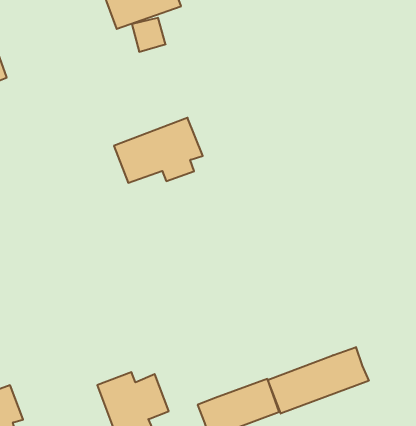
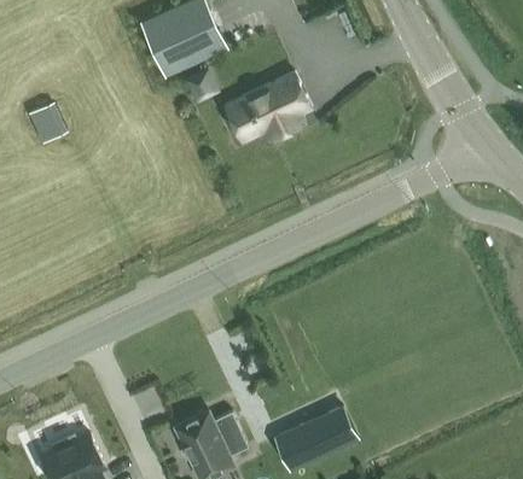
building: [114,118,203,183] -> [223,72,312,141]
building: [268,347,369,414] -> none

